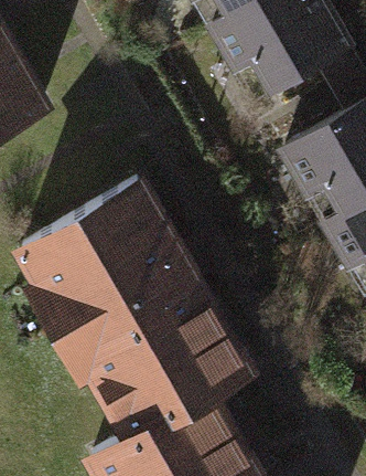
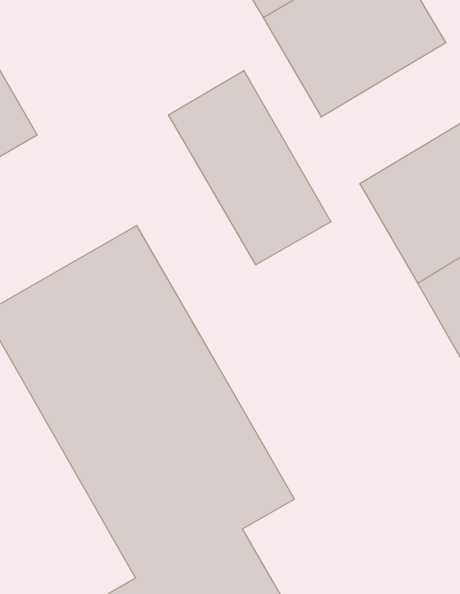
building: none -> [168,70,331,265]

